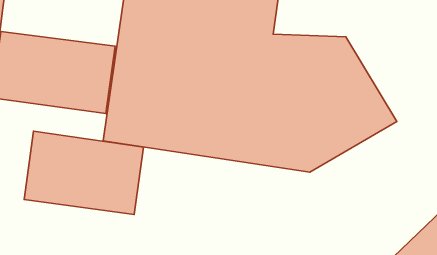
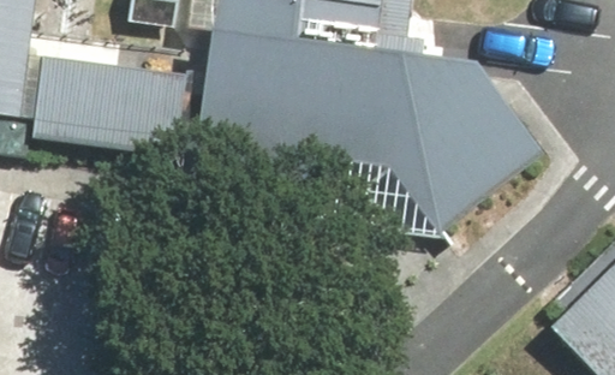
building: [24,131,143,215] -> none

